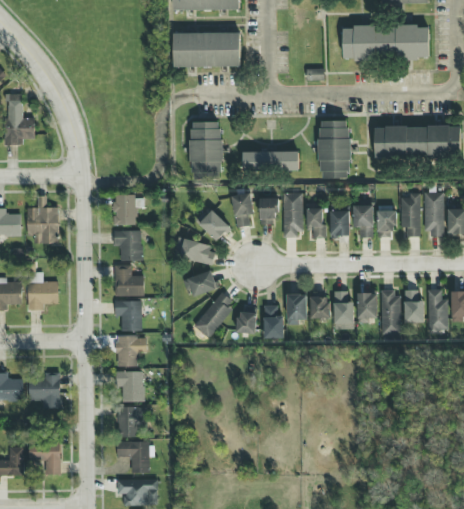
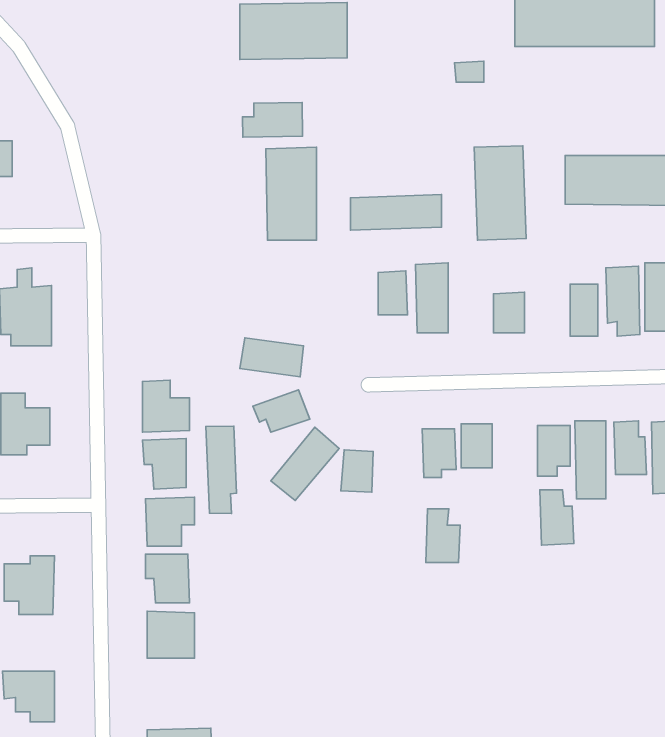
building: none -> [242,103,303,137]
building: [232,193,252,226] -> none
building: [113,194,143,225] -> none
building: [353,205,373,237] -> none
building: [305,207,324,238] -> none
building: [194,210,230,241] -> none
building: [113,230,142,261] -> none
building: [333,291,354,325] -> [540,490,574,545]
building: none -> [206,426,236,513]
building: [263,305,284,338] -> [426,509,460,563]
building: [115,441,149,473] -> none

